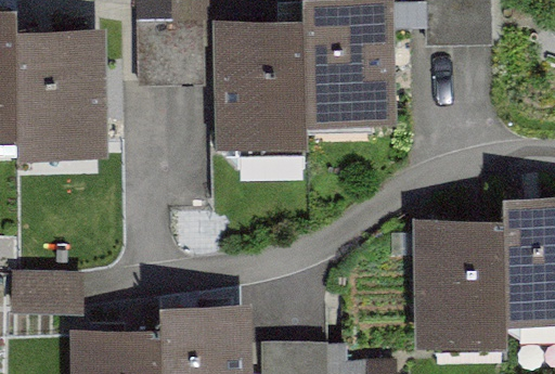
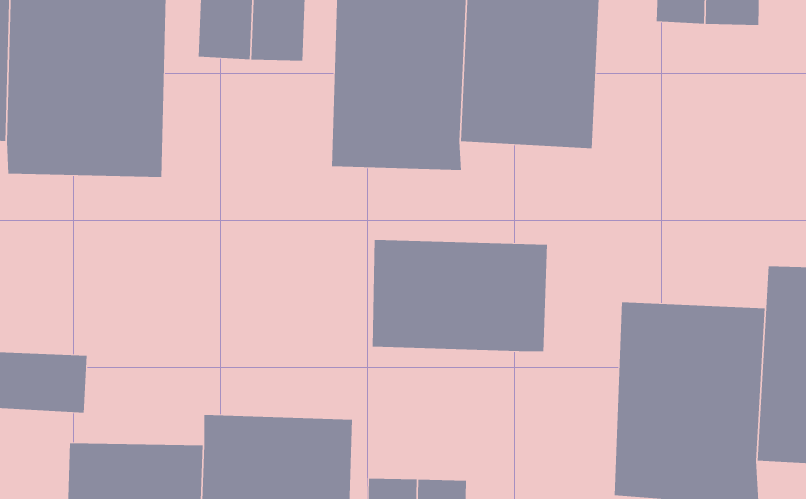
building: none -> [372,239,547,352]

